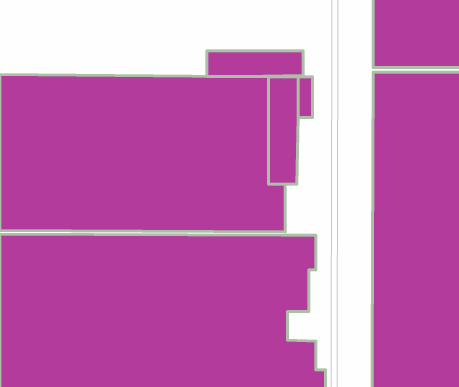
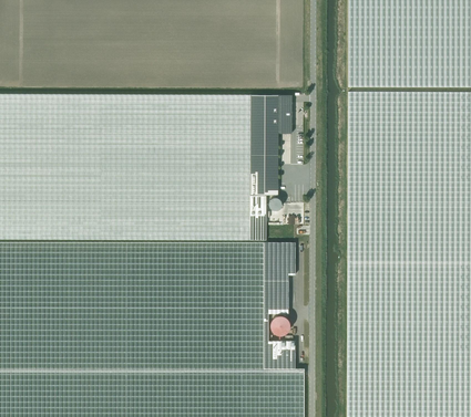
building: [207,51,303,76] -> none

